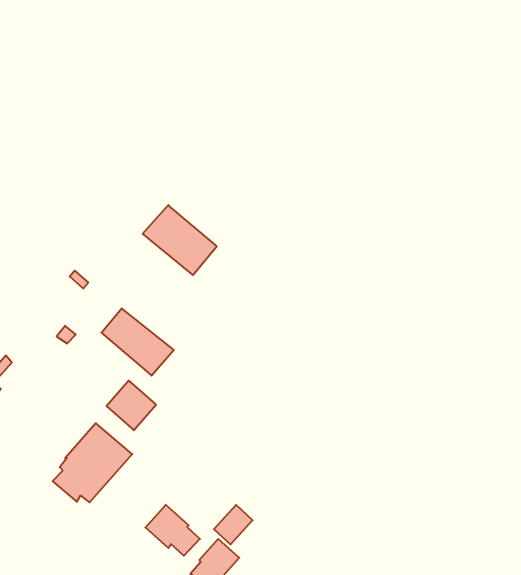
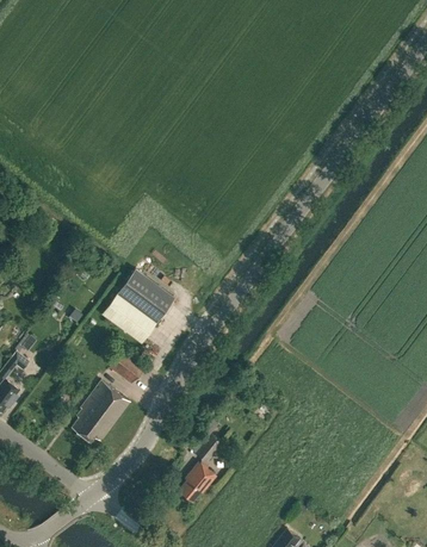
building: [143,205,217,275] -> [117,271,173,322]
building: [145,505,200,556] -> none

